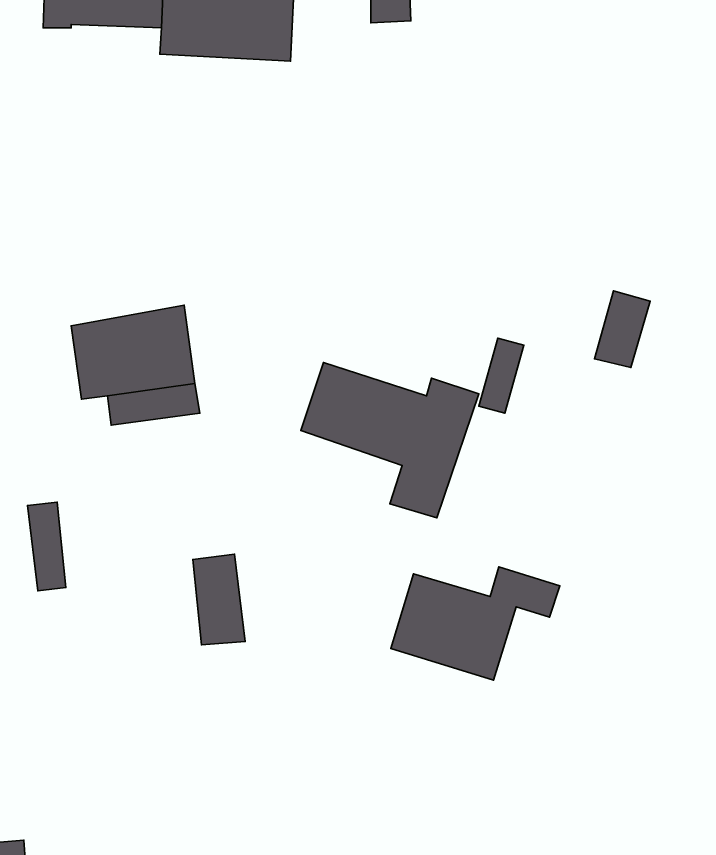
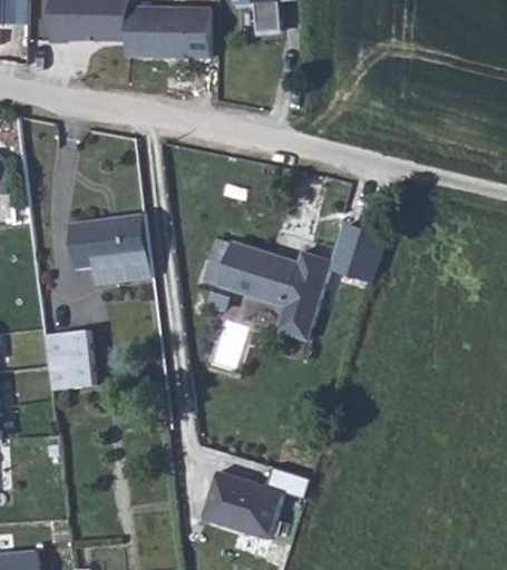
building: [594,291,650,367] -> [347,235,382,284]
building: [193,554,245,645] -> [60,332,94,390]
building: [391,567,560,680] -> [204,466,312,539]

